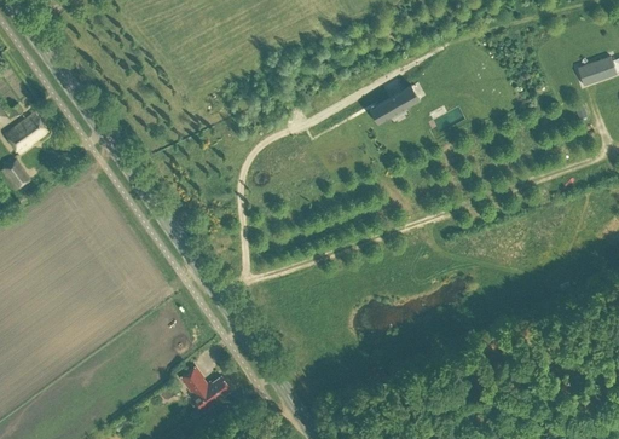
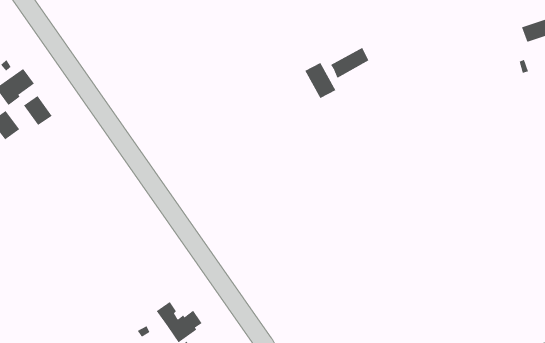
building: none -> [305,62,336,99]
building: none -> [23,95,53,126]

